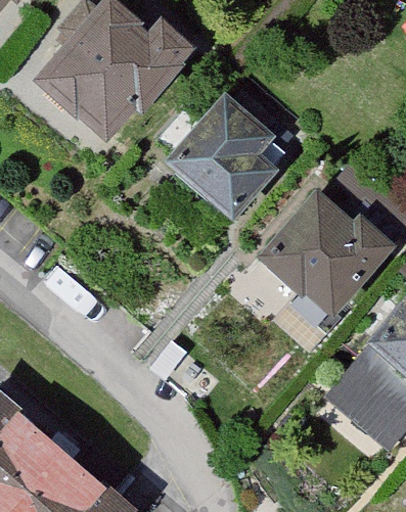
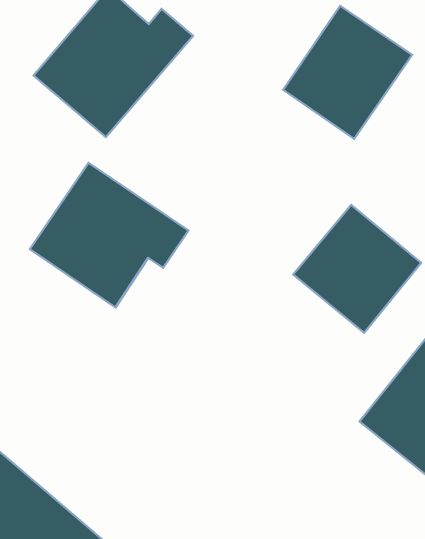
building: [173,91,286,207] -> [283,6,412,139]
building: none -> [30,163,189,308]

